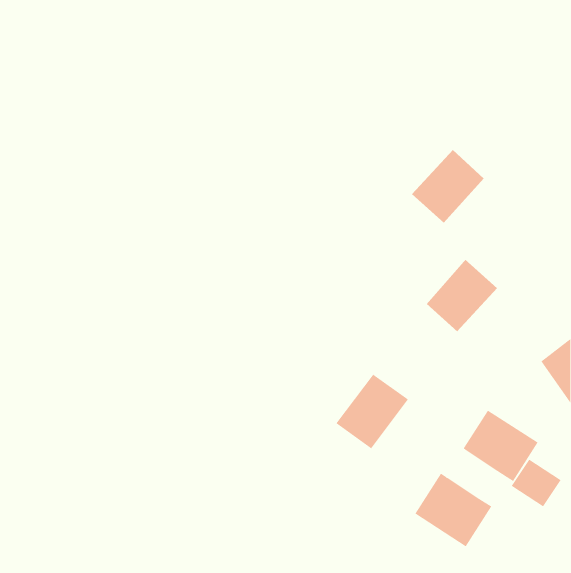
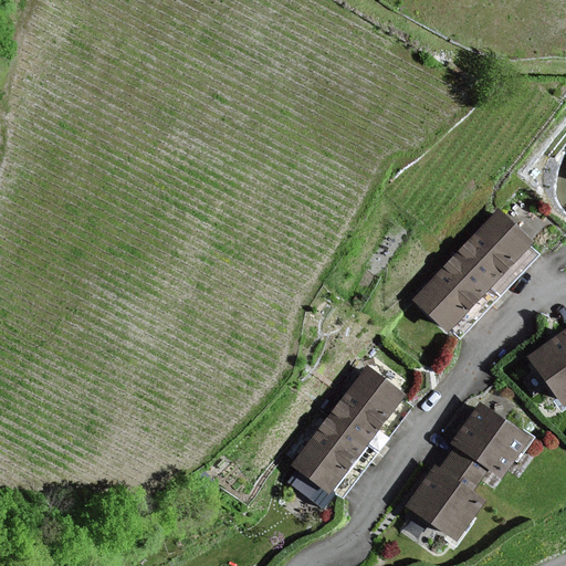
building: [411,149,484,223] -> [457,212,528,285]
building: none -> [292,418,365,492]
building: [511,459,562,507] -> [439,444,489,492]

